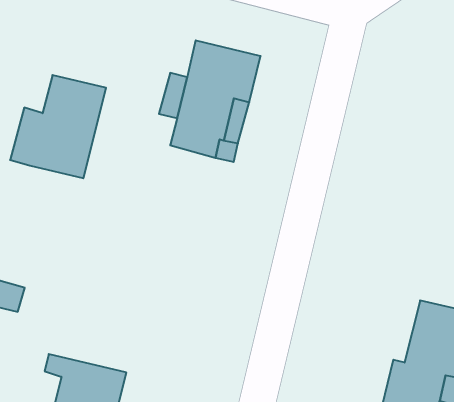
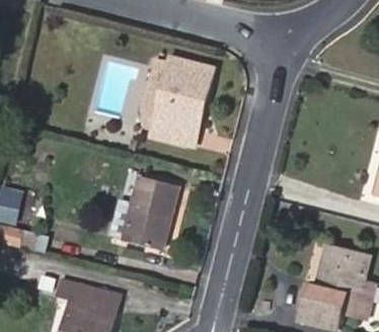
building: [10,75,106,178] -> [109,176,178,250]

